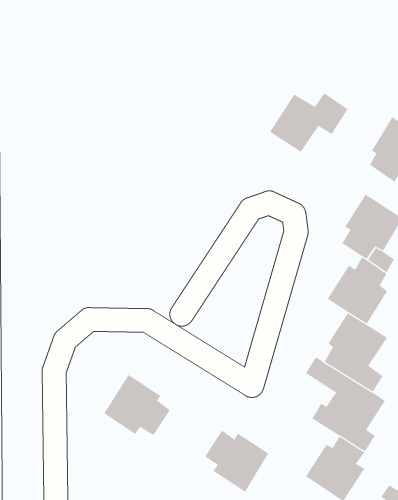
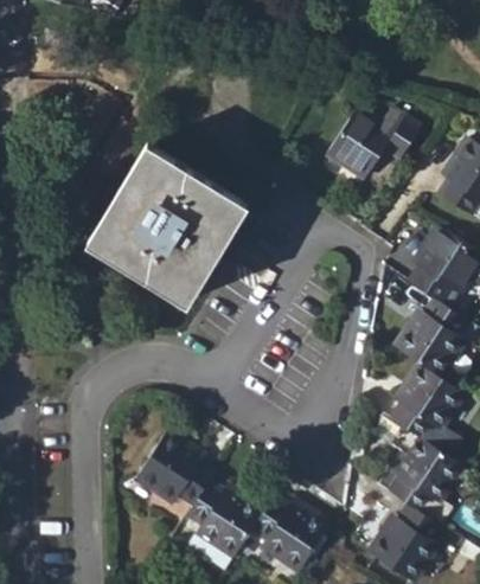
building: none -> [92,149,241,302]
building: none -> [185,487,262,575]

